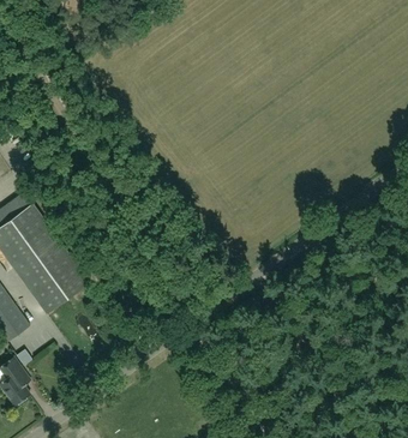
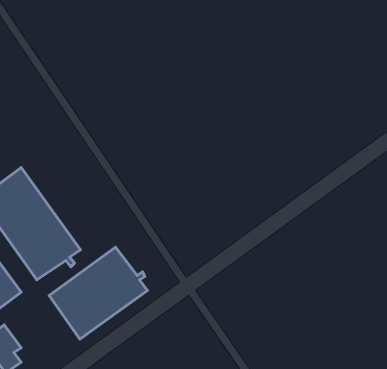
building: none -> [49,247,148,339]

